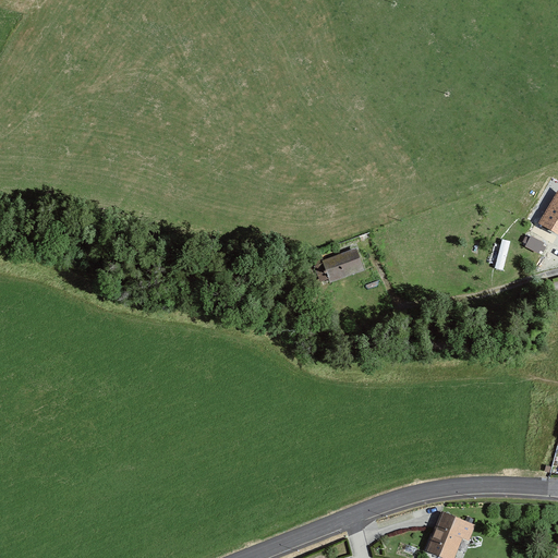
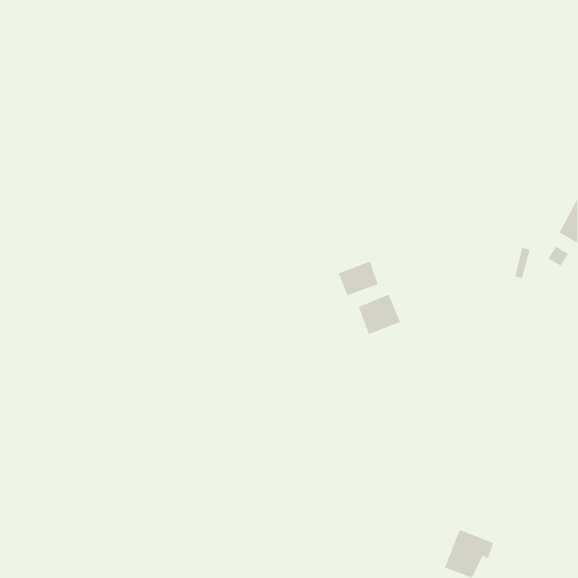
building: none -> [358,294,401,335]

